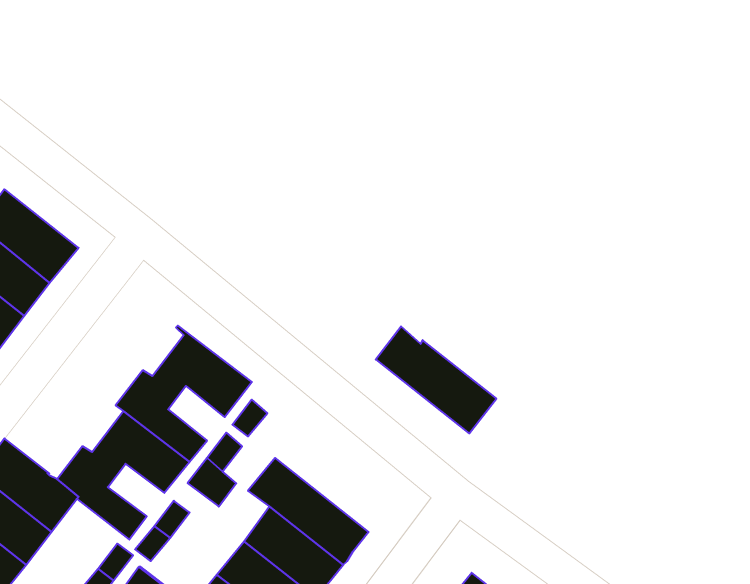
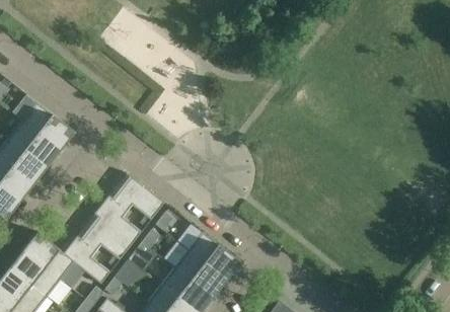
building: [376,326,496,433] -> [176,224,239,280]

